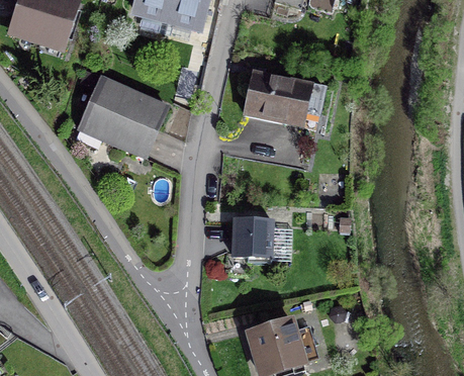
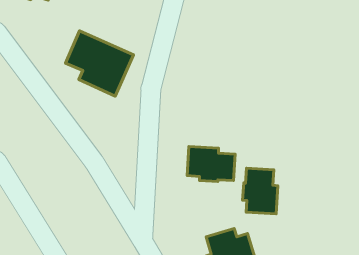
building: [242,71,320,126] -> none
building: none -> [243,168,278,214]

